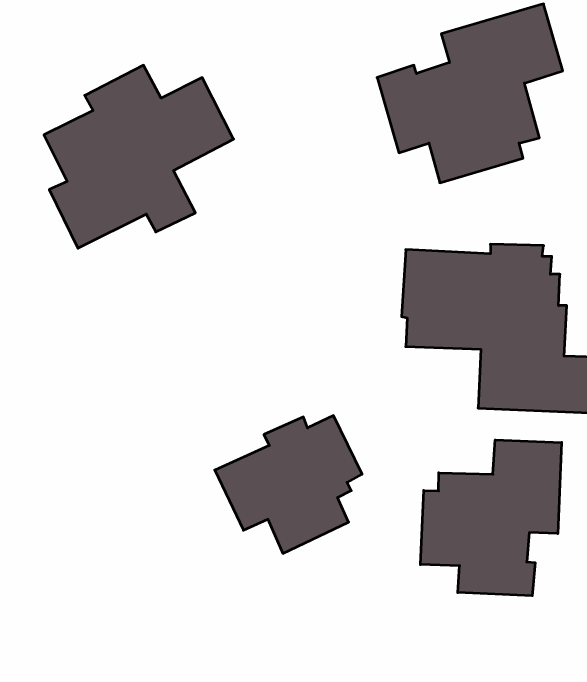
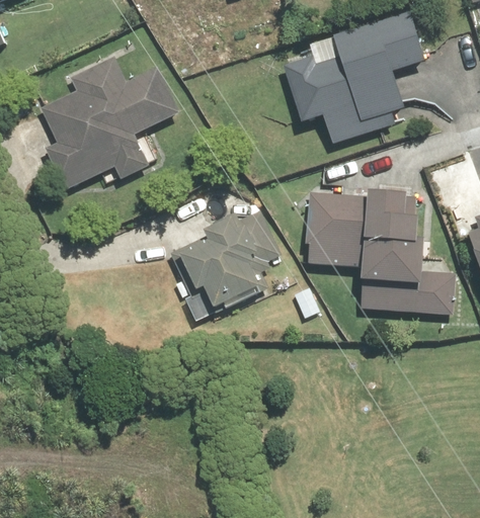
building: [215,416,362,553] -> [169,211,278,314]
building: [420,440,562,596] -> none

